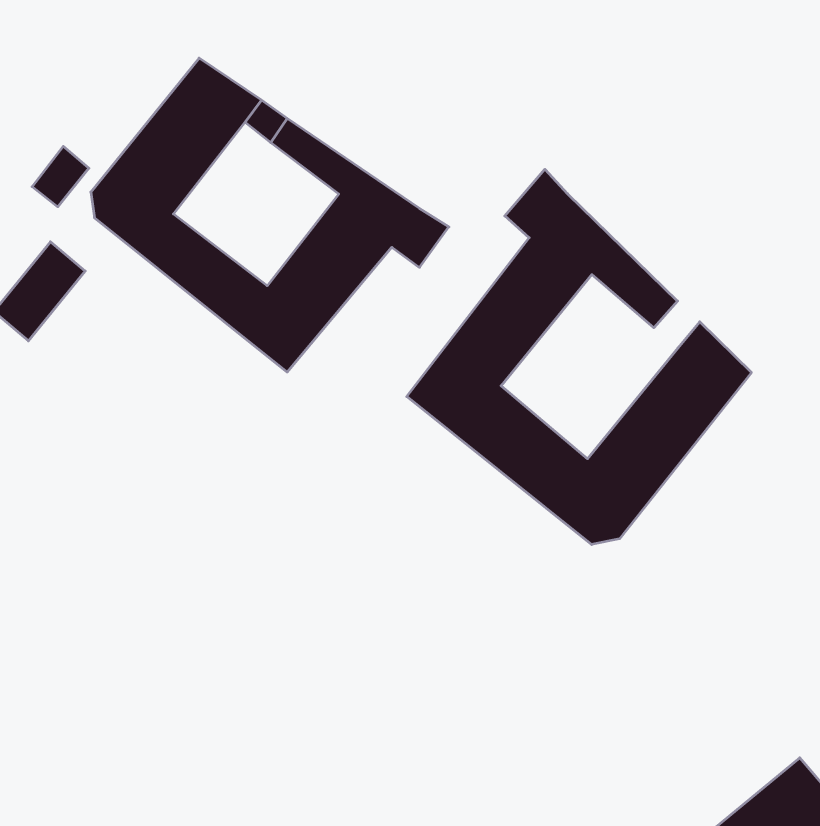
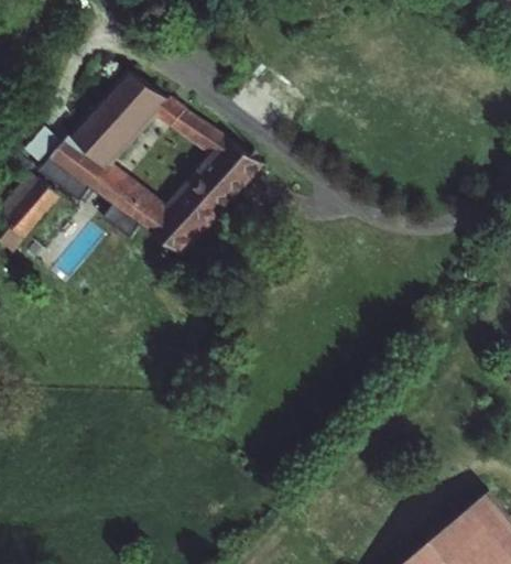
building: [407,169,751,545] -> none

